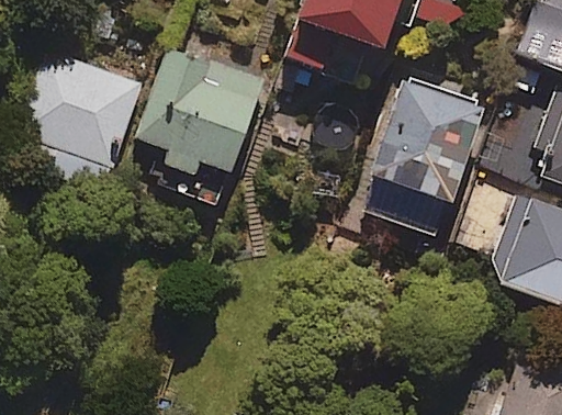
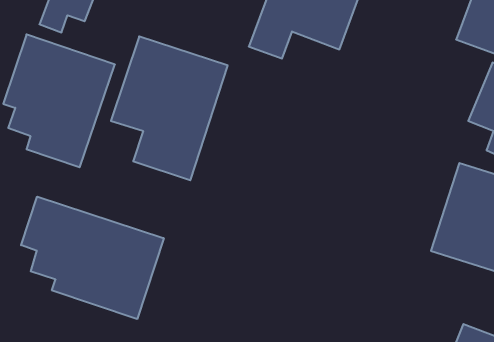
building: [374,77,488,206] -> none
building: none -> [21,197,164,319]

